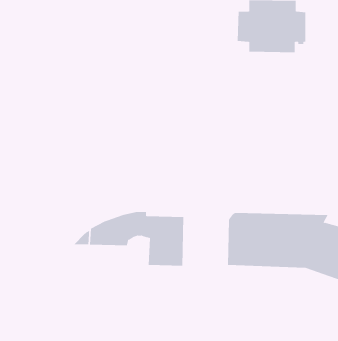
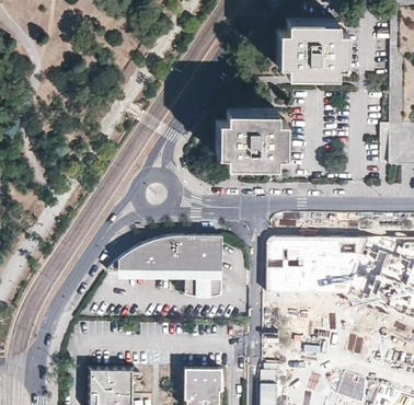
building: none -> [216,108,286,165]

